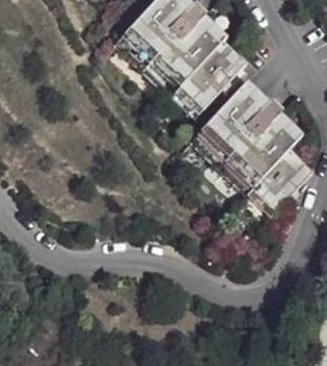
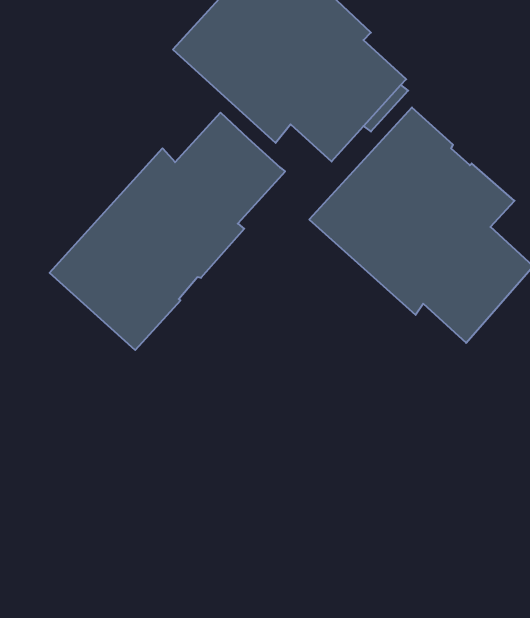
building: none -> [50,113,285,350]

